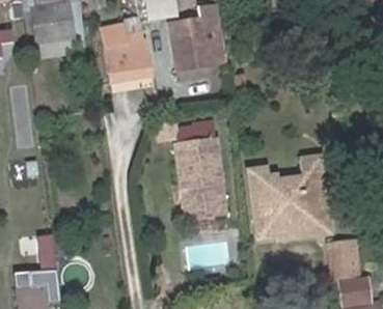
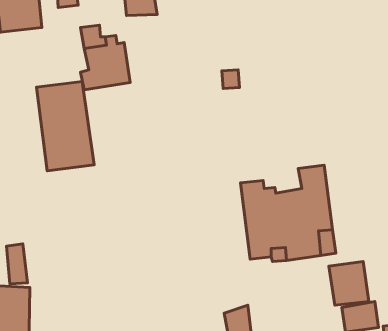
building: [167,22,222,76] -> none
building: [174,138,225,217] -> [36,81,94,171]

